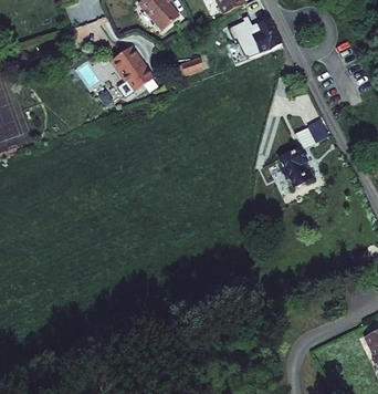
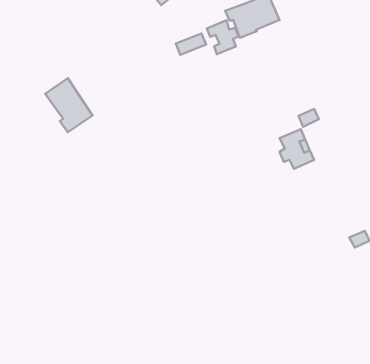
building: [108,43,155,96] -> [45,78,93,132]
building: none -> [207,20,238,54]

